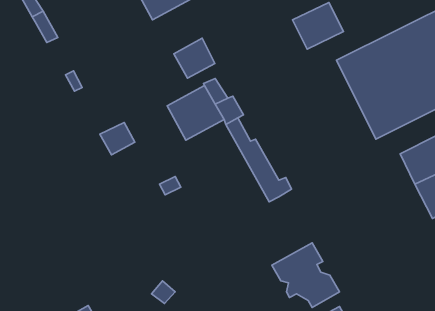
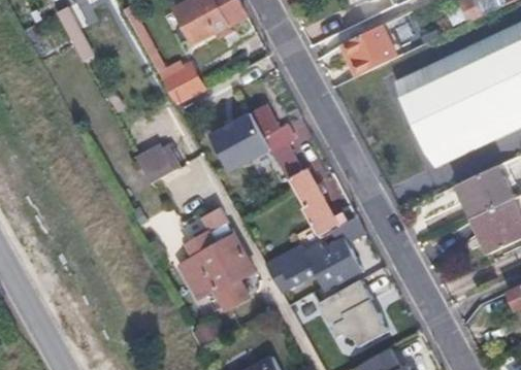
building: [174,38,215,78] -> [163,63,206,105]
building: none -> [268,214,366,298]
building: none -> [178,231,255,311]

